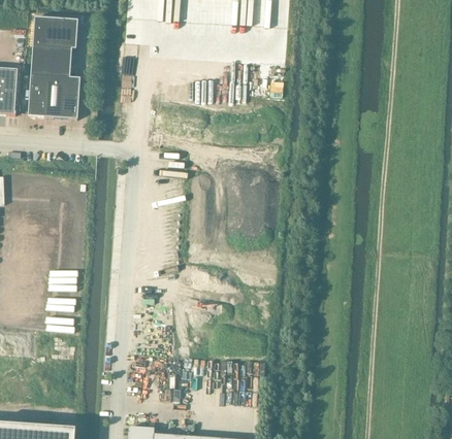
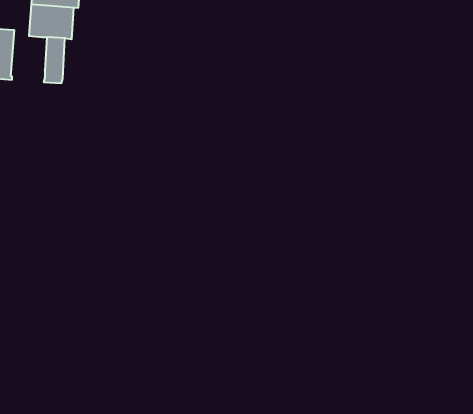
building: [27,75,46,117] -> none
building: [60,77,79,120] -> none

